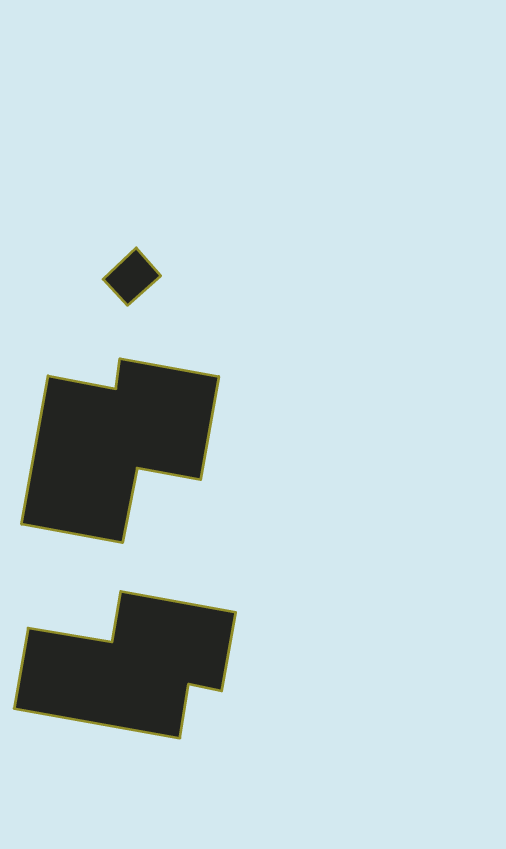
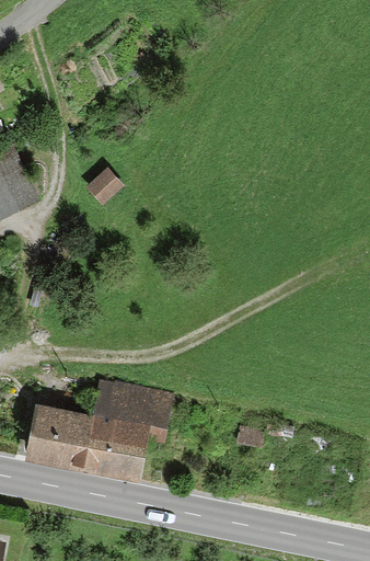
building: [22,359,219,543] -> none

